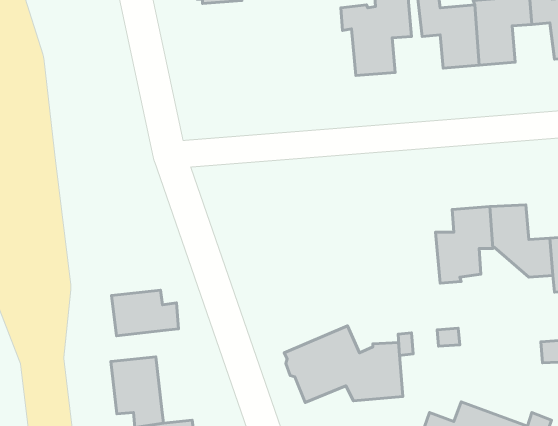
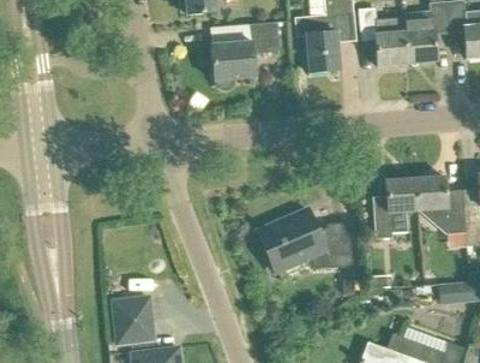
building: none -> [212,22,280,90]
building: [111,290,178,336] -> none
building: [284,326,403,402] -> [258,209,353,270]

